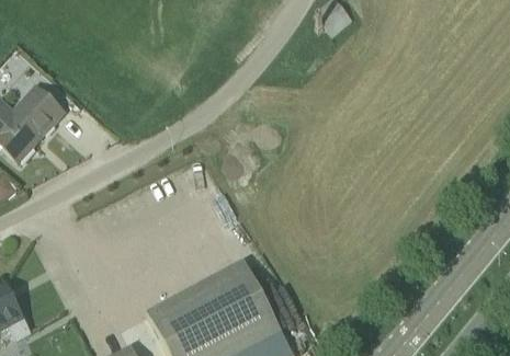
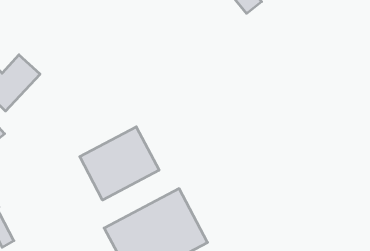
building: none -> [80,127,159,200]

